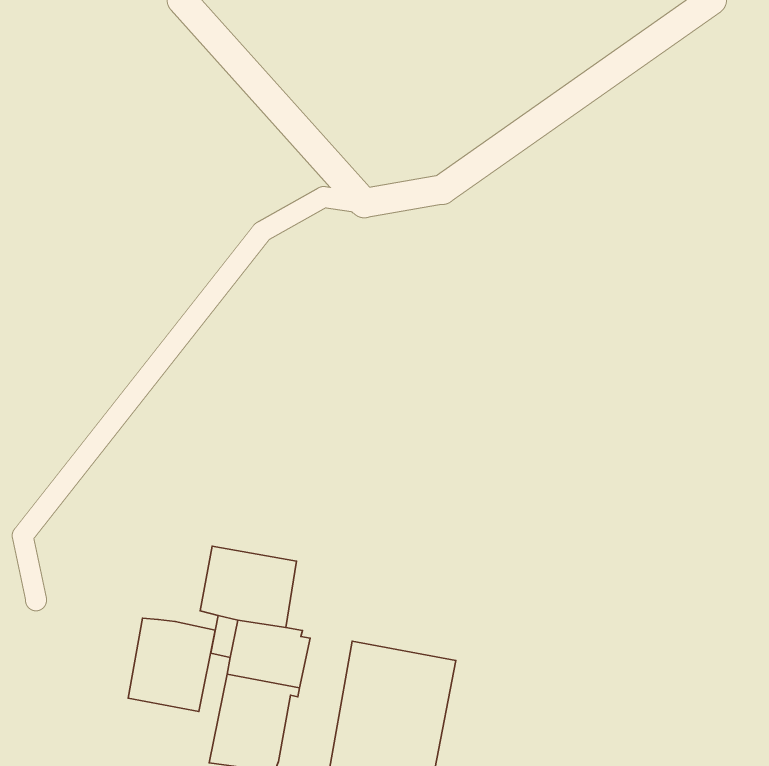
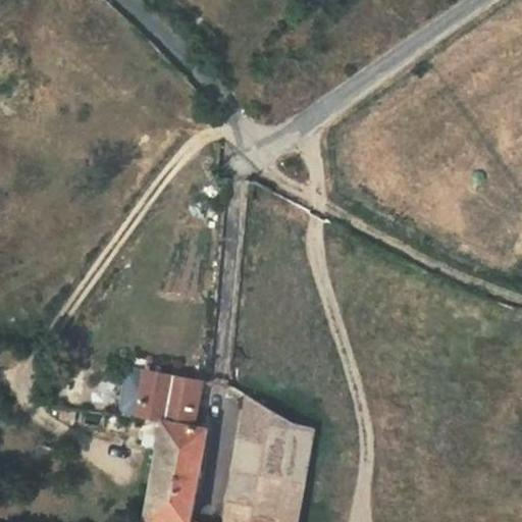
building: none -> [239,396,313,450]
building: [128,618,215,711] -> none

